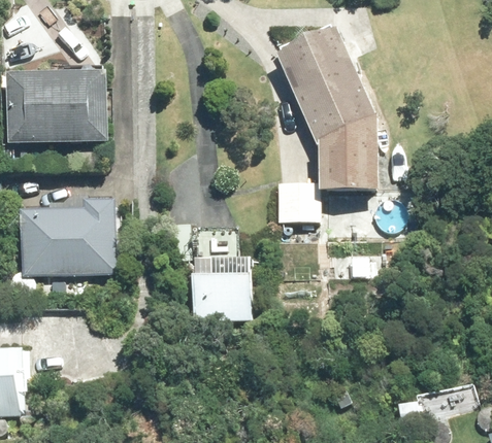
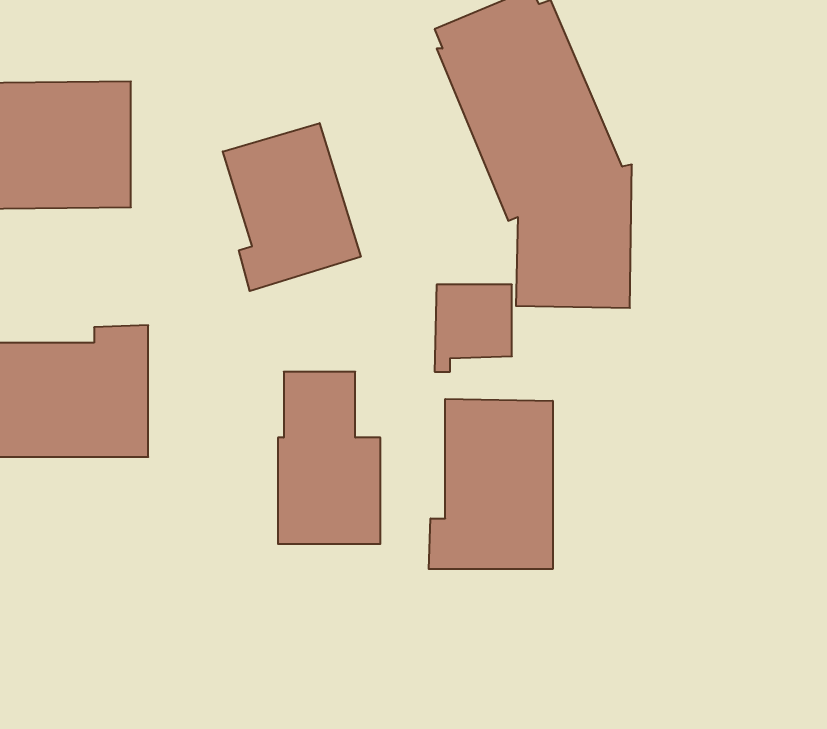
building: none -> [223,123,361,291]
building: none -> [429,399,553,569]

